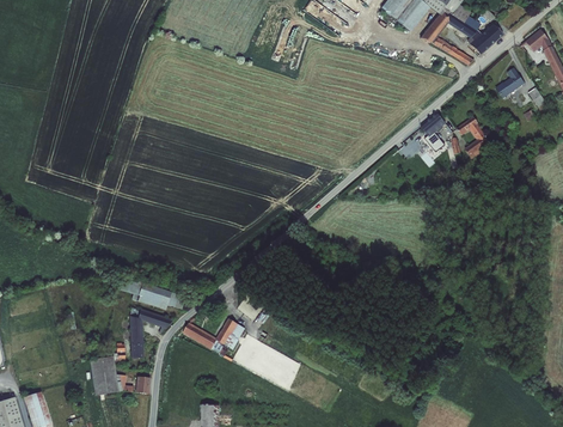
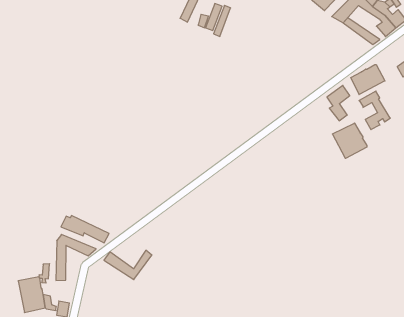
building: none -> [351,65,385,95]
building: none -> [332,123,367,158]

